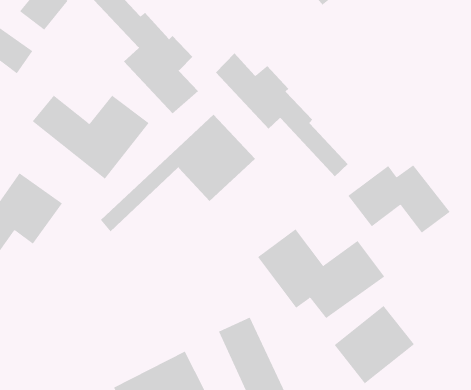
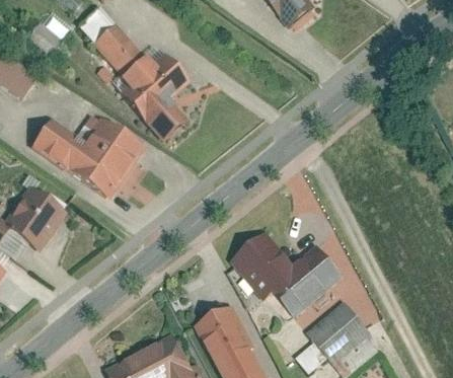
building: [215,53,348,177] -> none
building: [100,114,256,232] -> none
building: [347,164,451,234] -> none

